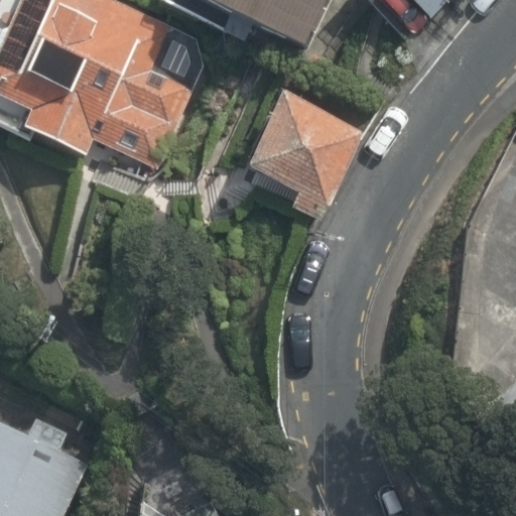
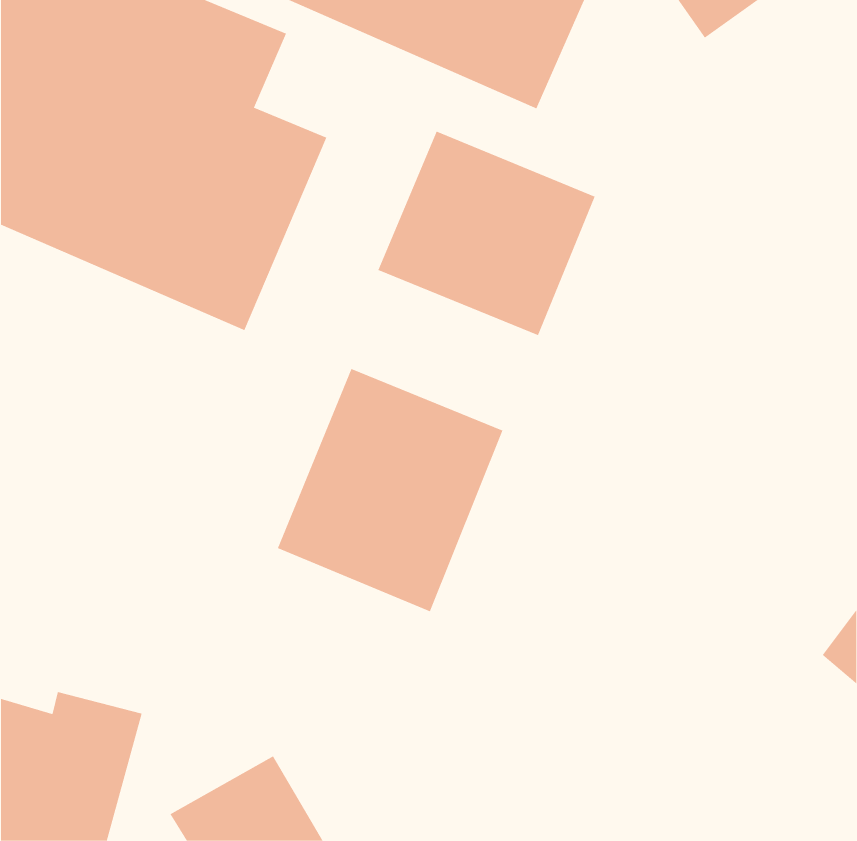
building: none -> [277,368,503,612]

